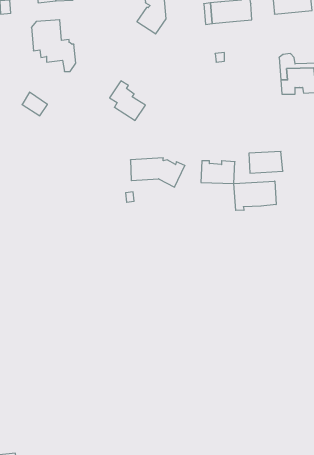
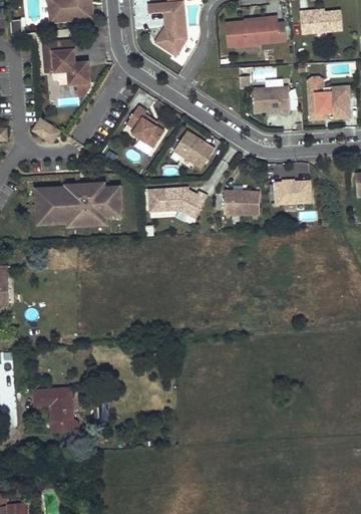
building: none -> [253,86,290,112]
building: none -> [173,131,215,169]
building: none -> [36,184,121,226]
building: [234,181,276,210] -> none
building: none -> [32,389,76,432]

